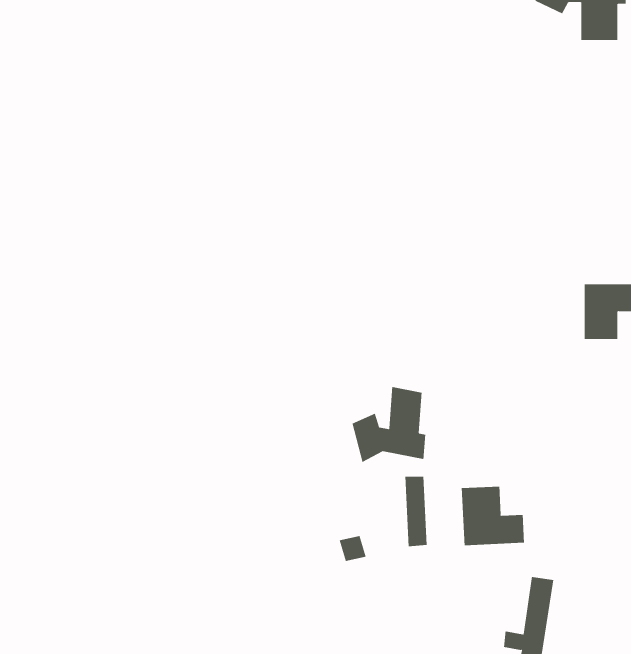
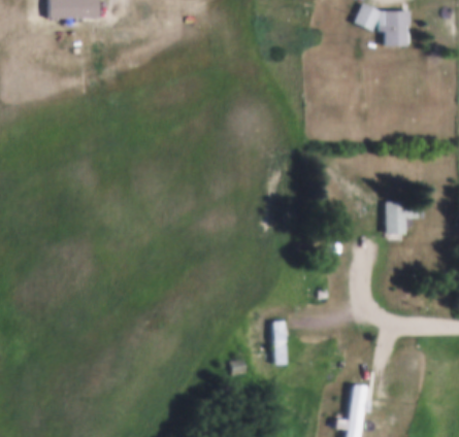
building: [352,386,426,463] -> none
building: [461,486,524,546] -> none

